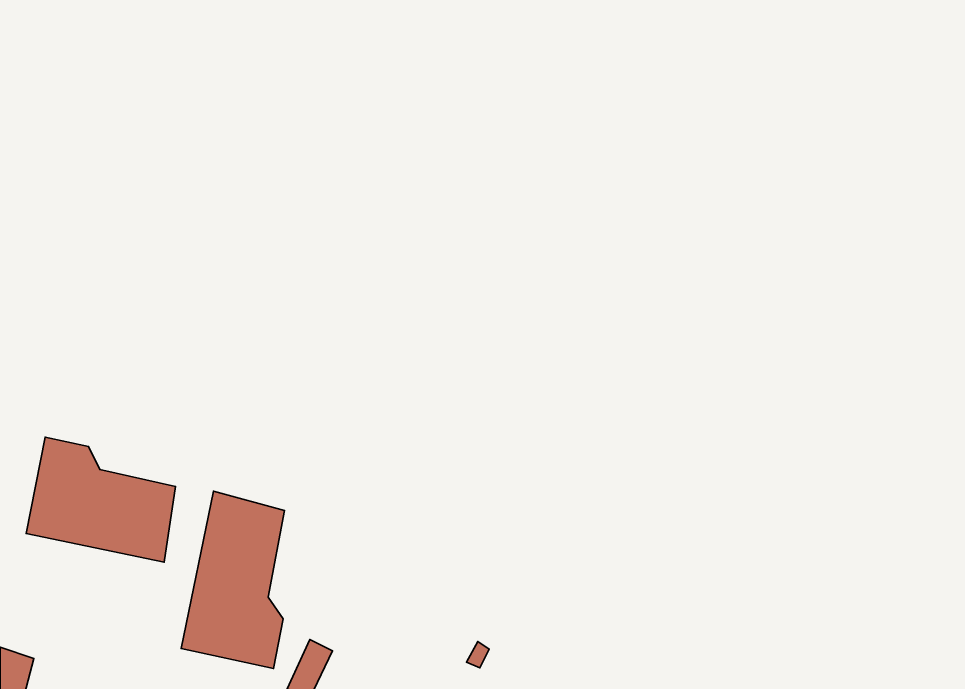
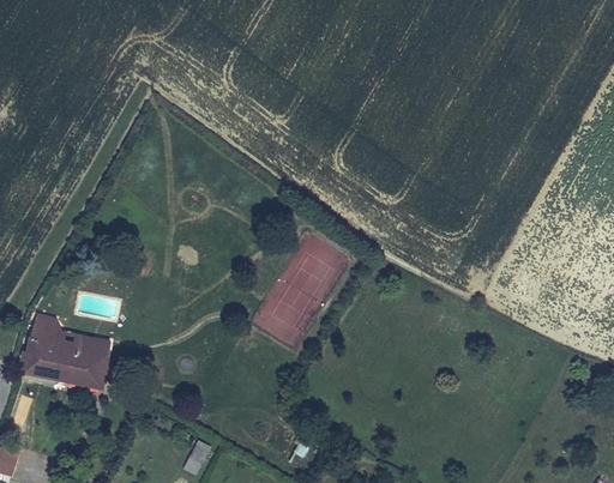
building: [181,491,284,668] -> none

